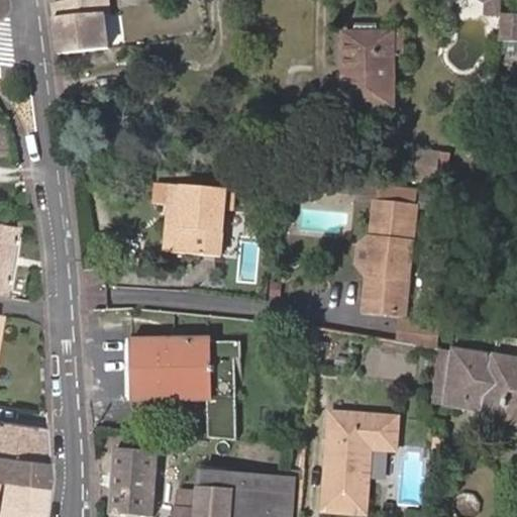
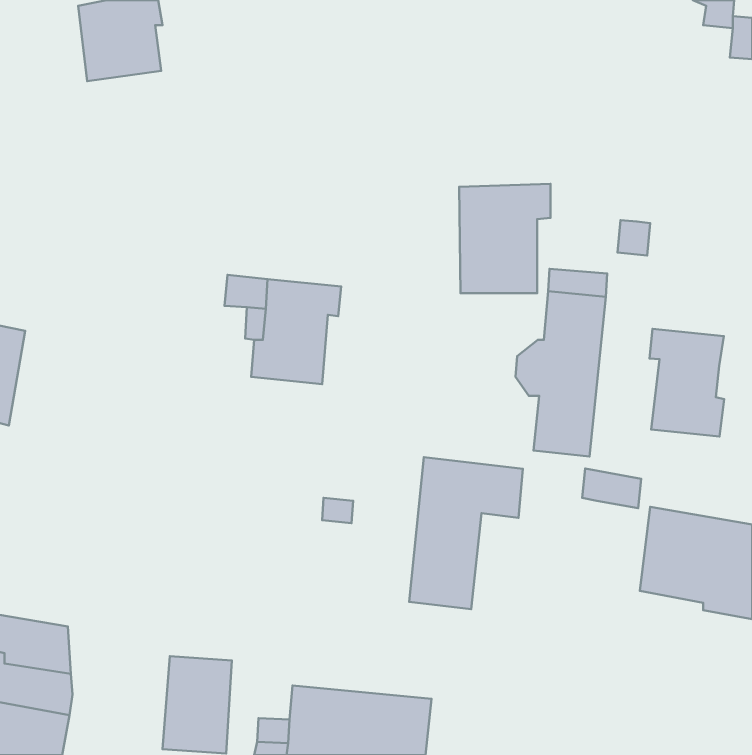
building: [341,32,404,107] -> [459,184,551,293]
building: none -> [649,329,724,436]
building: [133,338,237,440] -> none
building: [319,408,397,512] -> [409,457,523,609]

